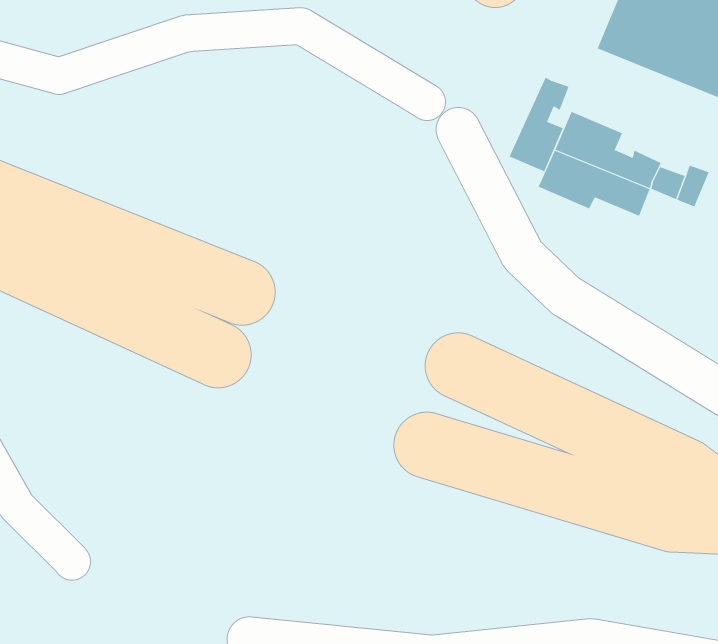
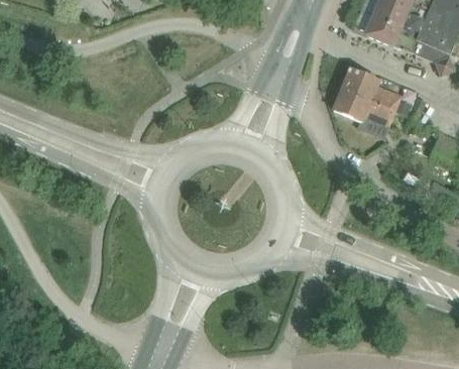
building: [509,76,569,172] -> none

